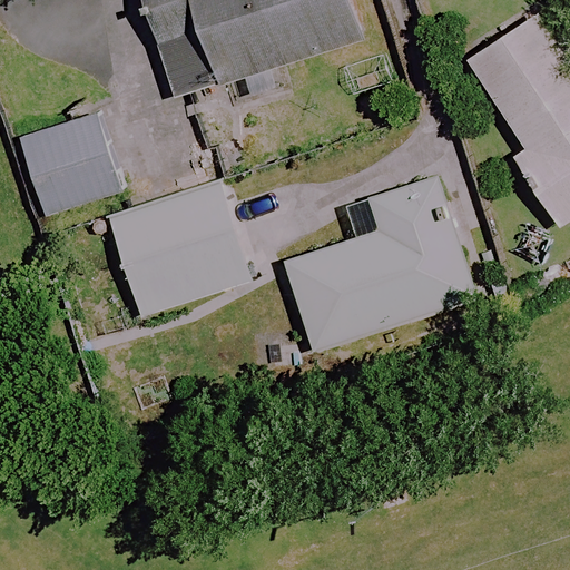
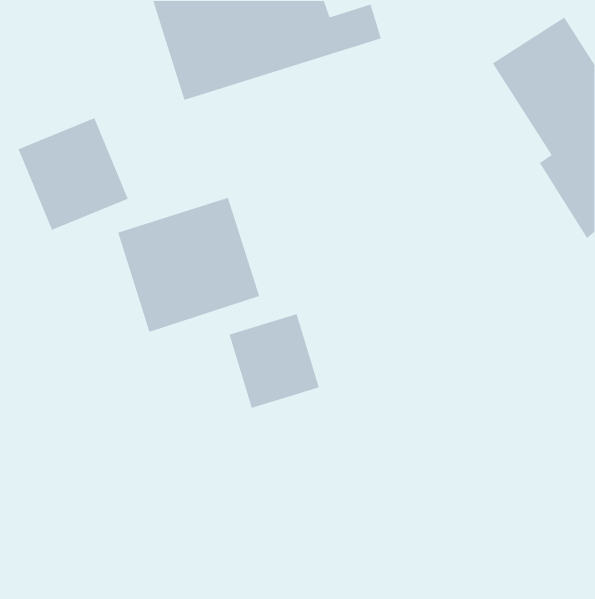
building: [286,181,474,348] -> none
building: none -> [228,313,320,409]

